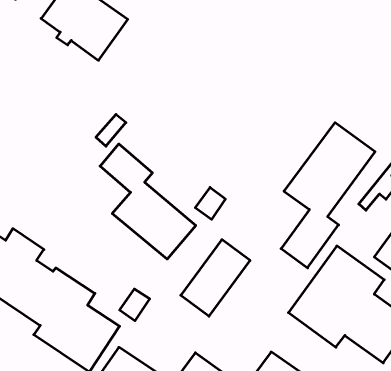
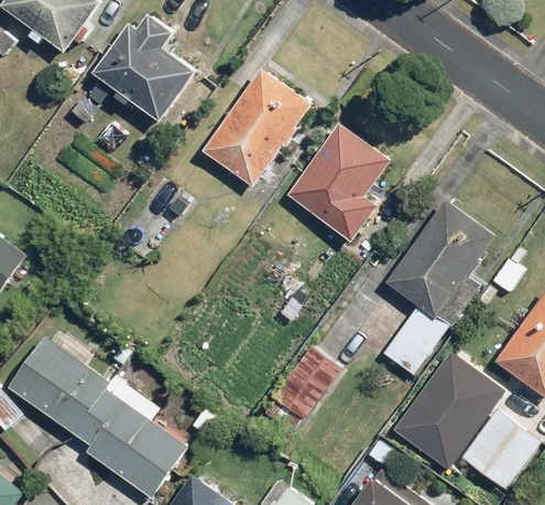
building: none -> [200,68,312,189]
building: none -> [290,123,391,239]
building: [100,144,196,259] -> none

